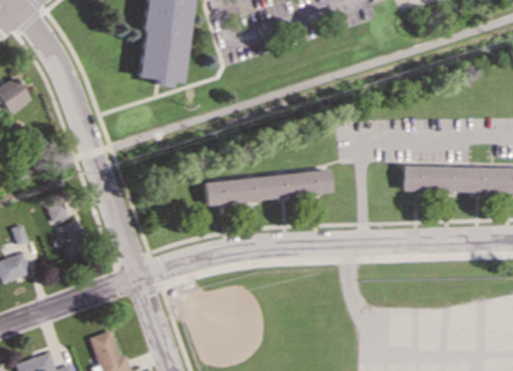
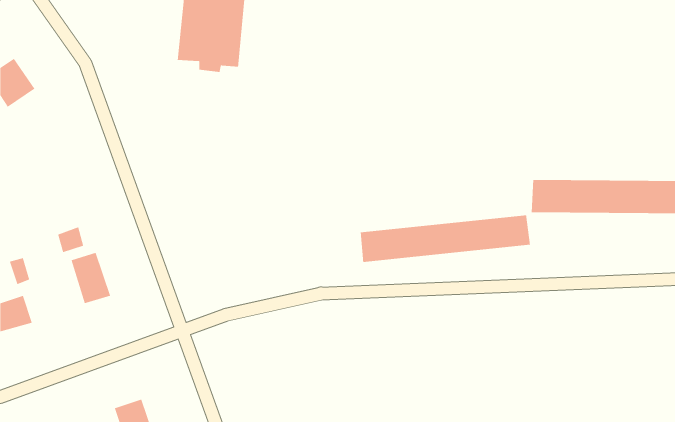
building: [205,169,333,206] -> [360,214,531,263]

